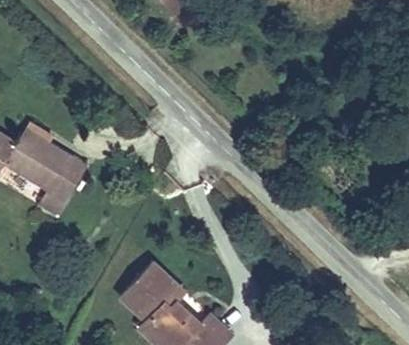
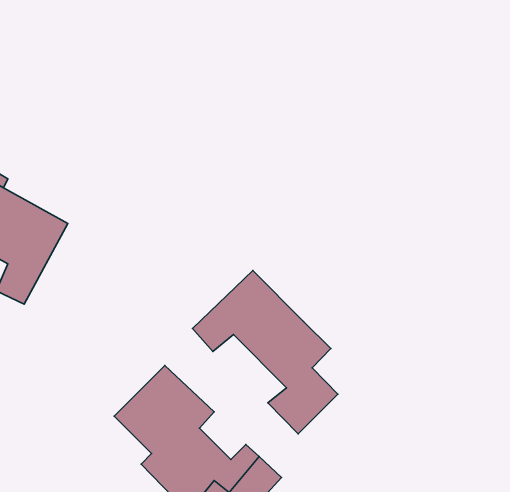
building: none -> [192,270,338,434]

